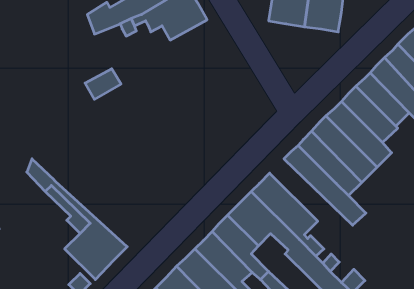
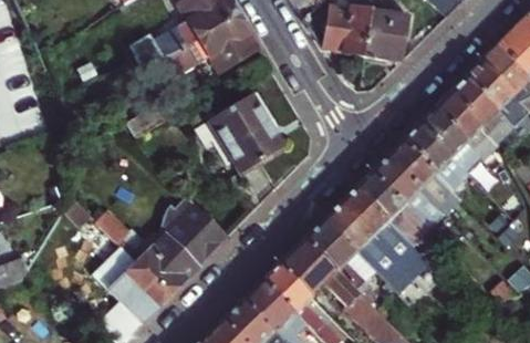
building: none -> [208,97,280,175]
building: none -> [93,197,229,295]
building: none -> [325,200,415,289]

